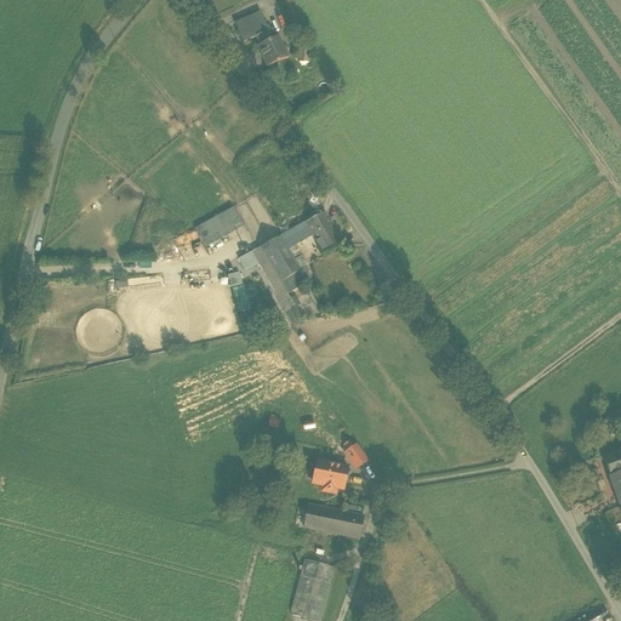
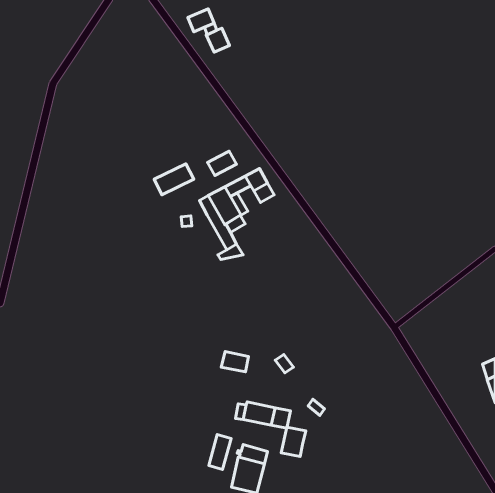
building: none -> [207,151,236,175]
building: [314,461,348,486] -> [221,352,248,372]
building: none -> [281,427,306,457]
building: none -> [209,435,231,470]

